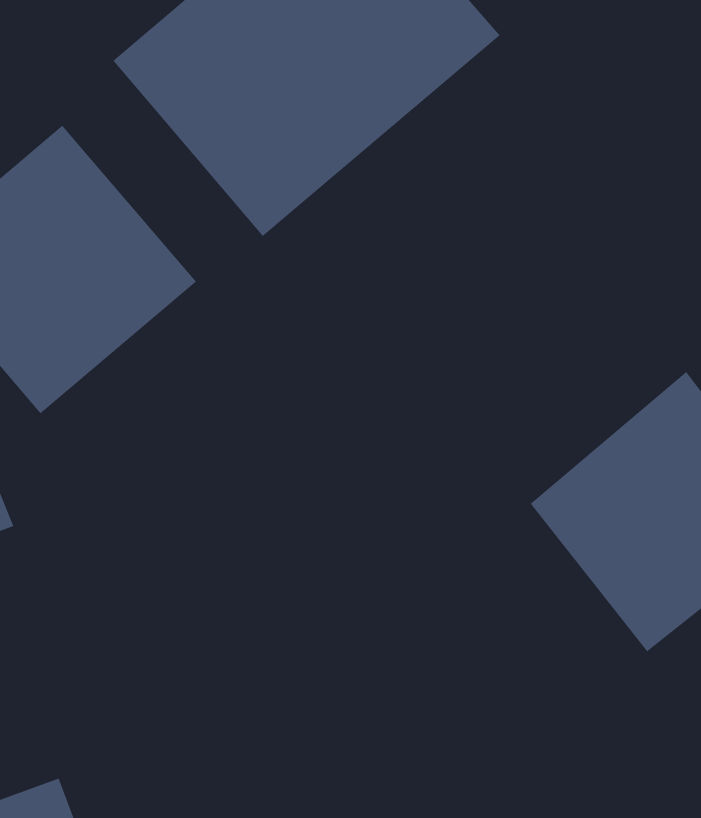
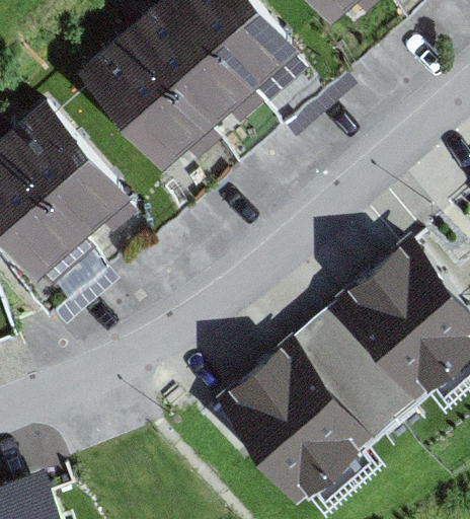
building: none -> [214,327,391,499]

